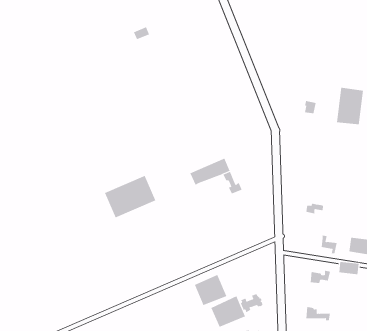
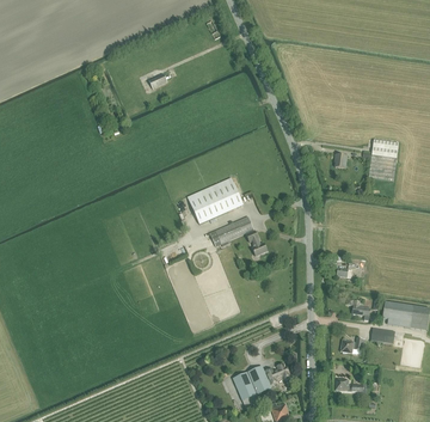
building: [104,175,156,218] -> [188,177,244,224]
building: [194,274,227,306] -> none

